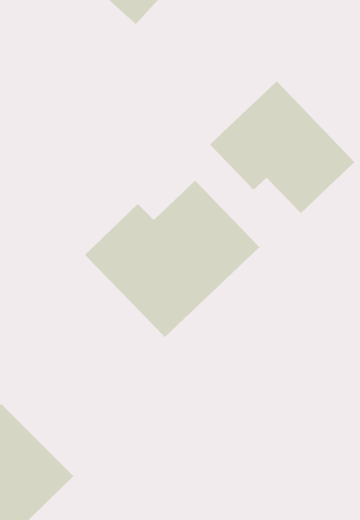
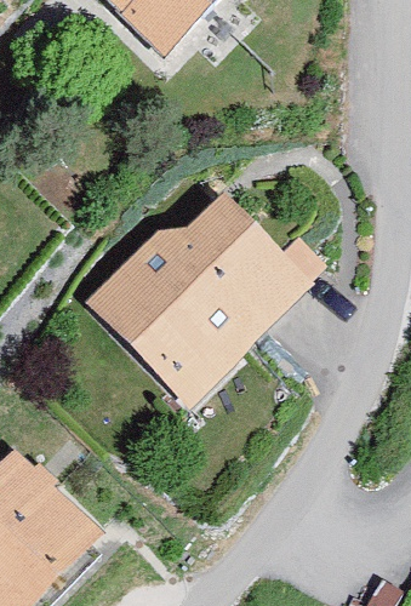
building: [209,81,355,214] -> none

